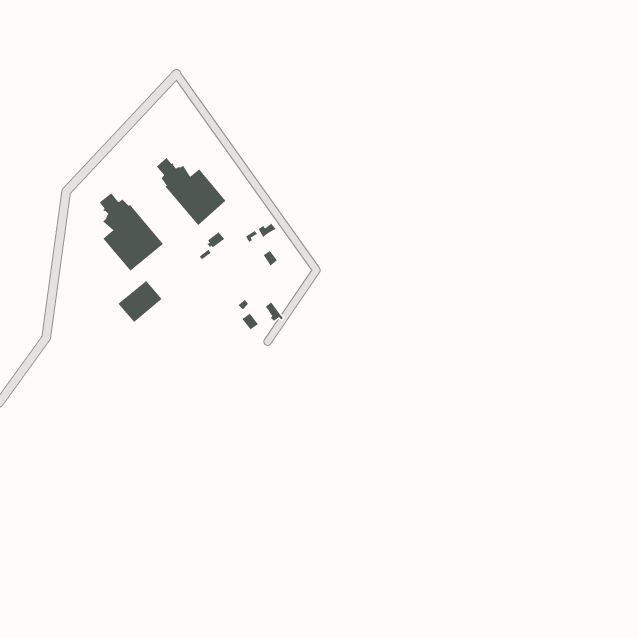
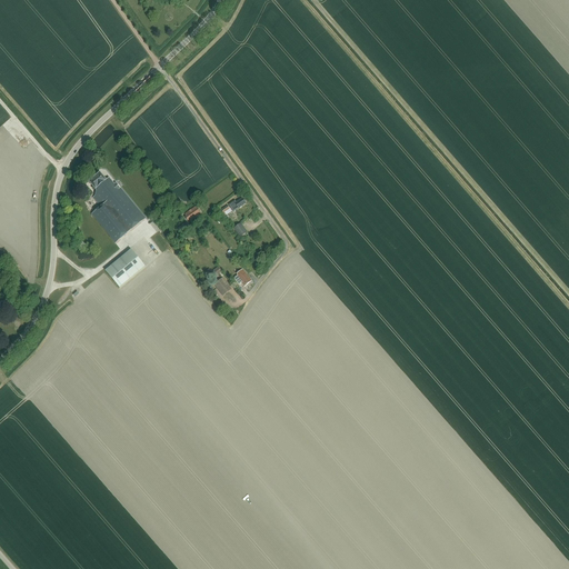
building: [156,157,226,226] -> none

